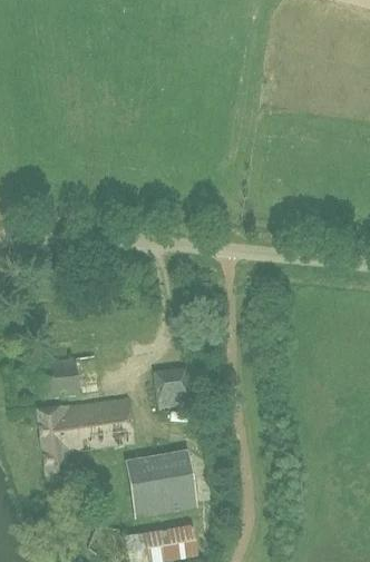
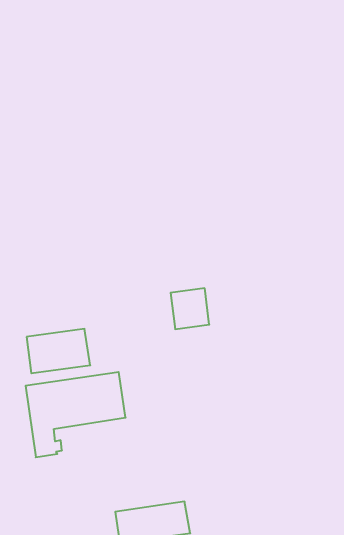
building: [153,367,191,407] -> [171,288,209,329]
building: [125,450,196,516] -> none

